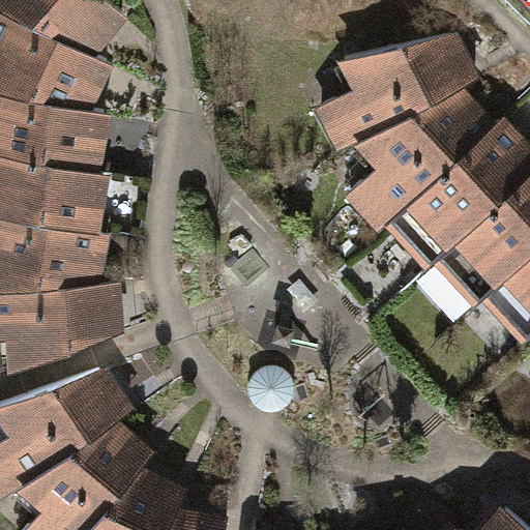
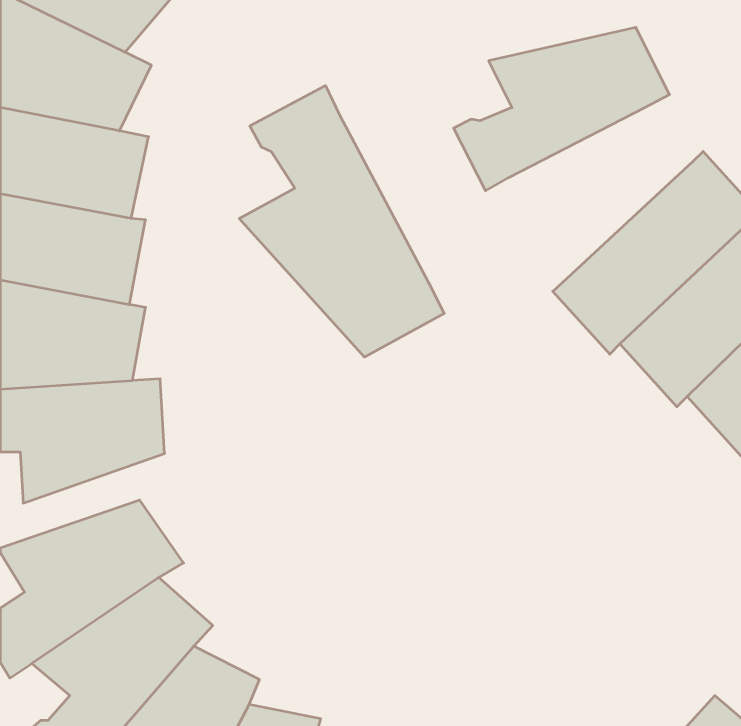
building: none -> [239,86,444,357]
building: [351,90,492,228] -> none

